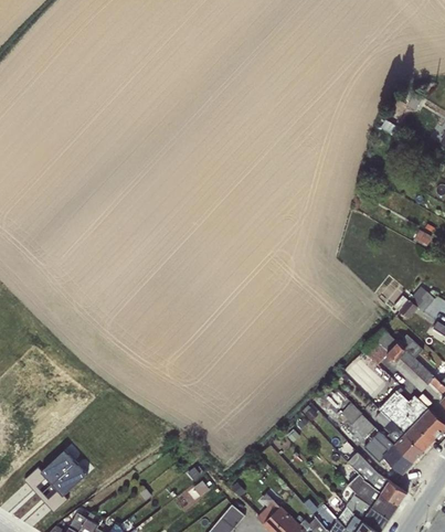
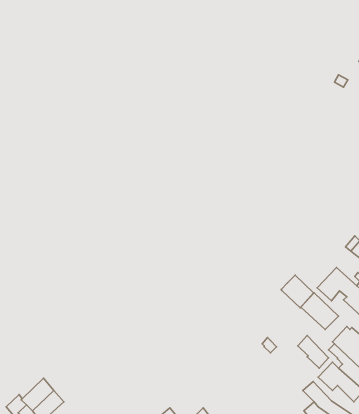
building: none -> [281,275,313,308]

